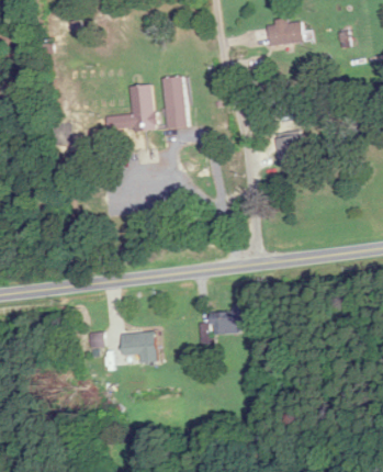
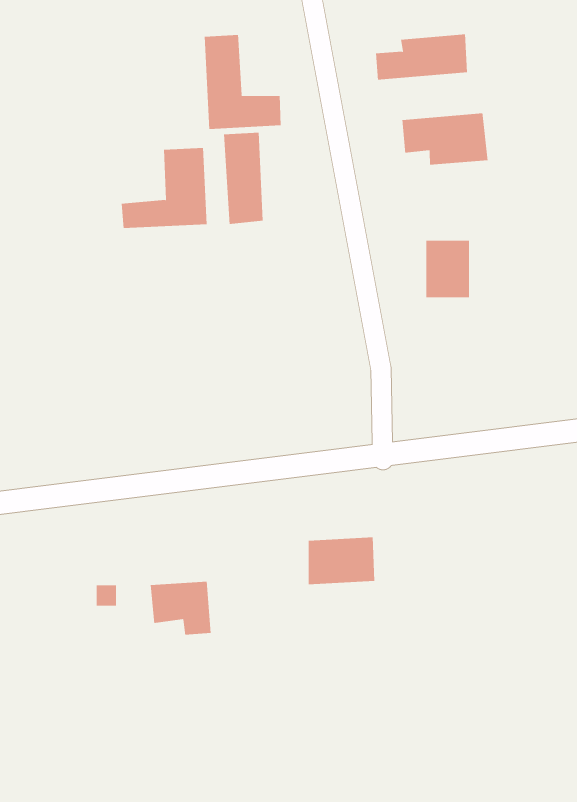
building: none -> [204,34,281,130]
building: none -> [402,113,488,166]

